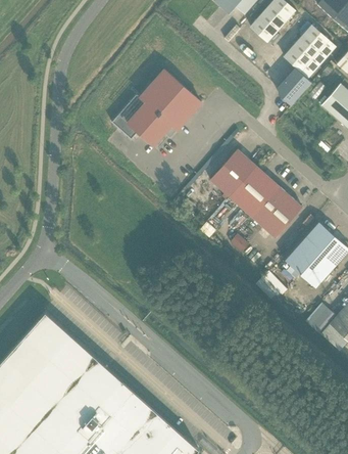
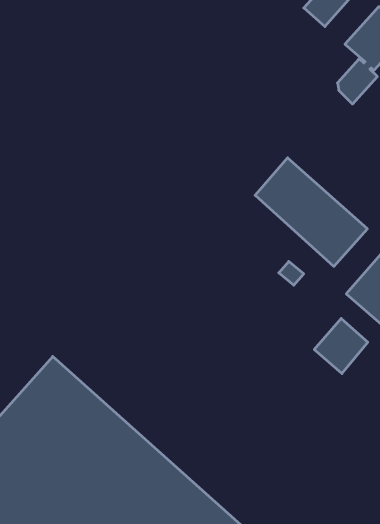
building: [111,70,201,145] -> none
building: none -> [314,318,368,374]

